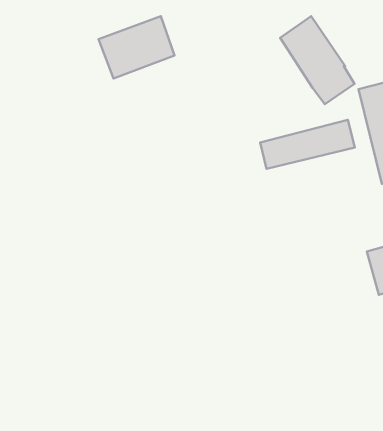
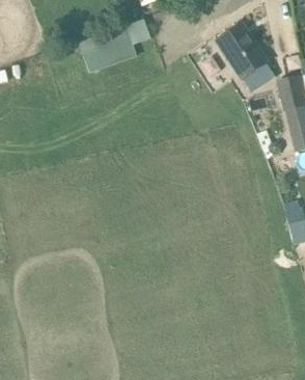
building: [260,120,355,169] -> none

